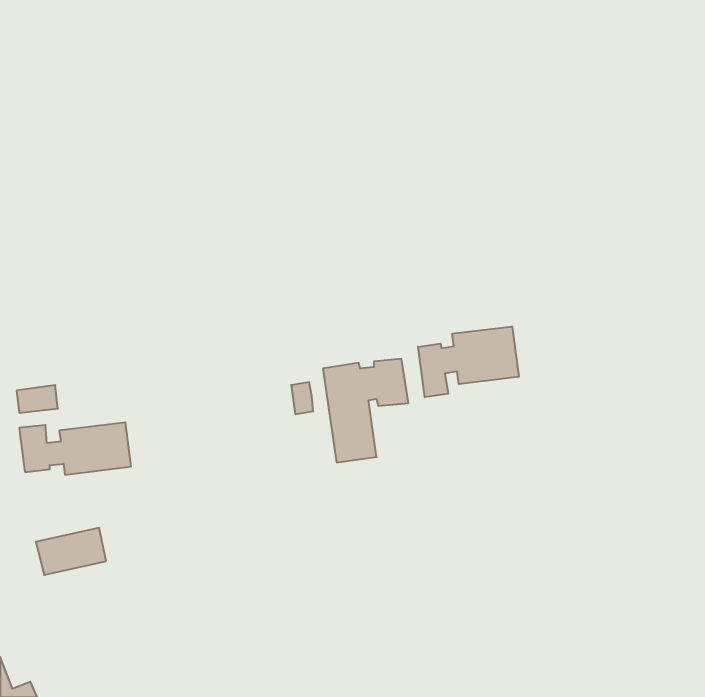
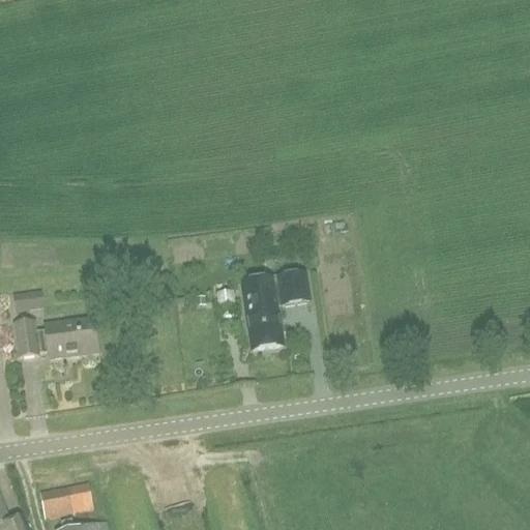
building: [418,326,519,397] -> none
building: [36,528,106,575] -> [39,480,92,516]

